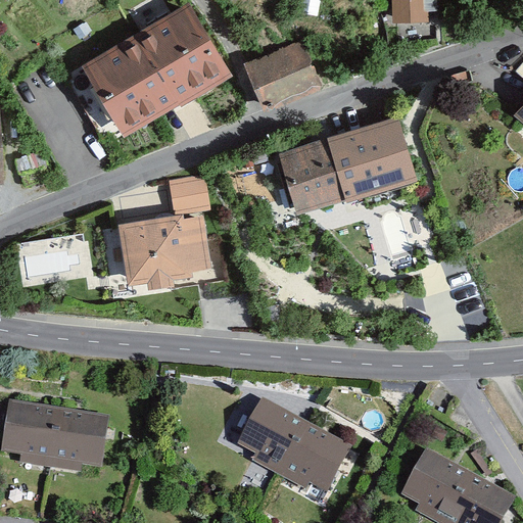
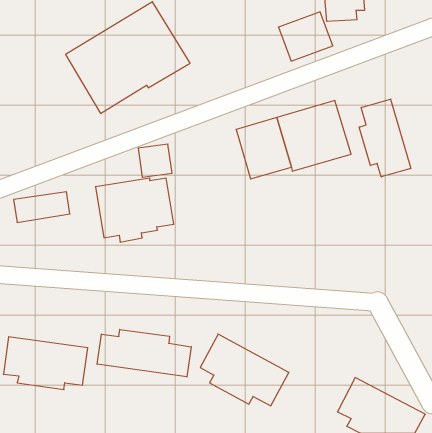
building: [251,43,317,102] -> [278,12,333,61]
building: none -> [359,99,411,177]
building: none -> [97,329,191,377]

